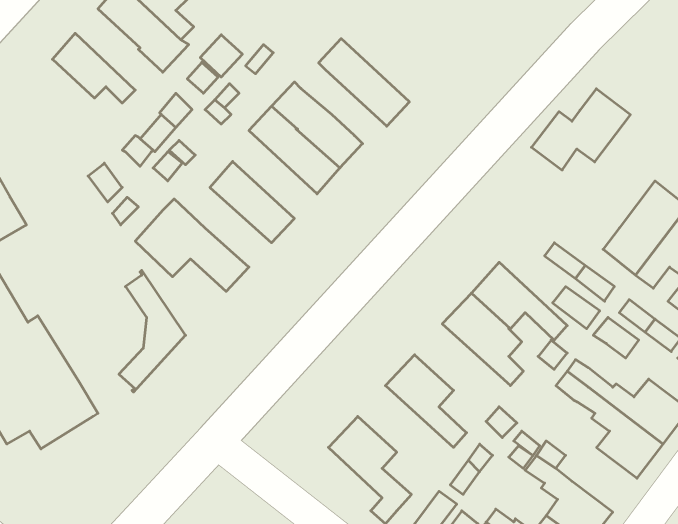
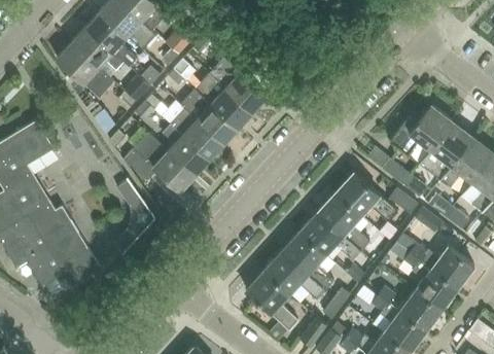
building: none -> [85,11,139,70]
building: [319,39,409,126] -> [181,88,239,144]
building: none -> [57,43,114,98]
building: [531,89,630,170] -> [390,104,453,155]
building: none -> [164,125,210,175]
building: none -> [301,211,361,259]
building: none -> [264,250,325,298]
building: none -> [400,289,442,330]

